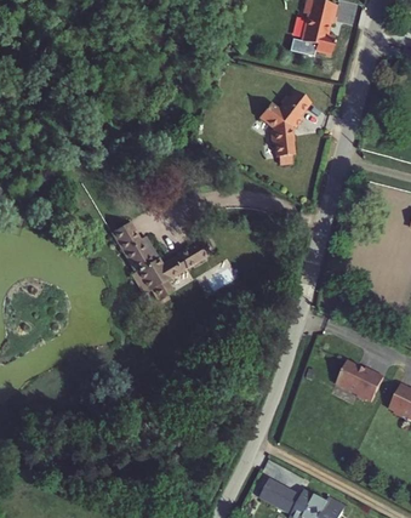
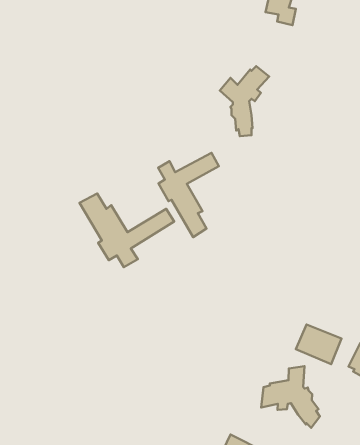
building: none -> [158,153,219,237]
building: none -> [261,366,320,428]

